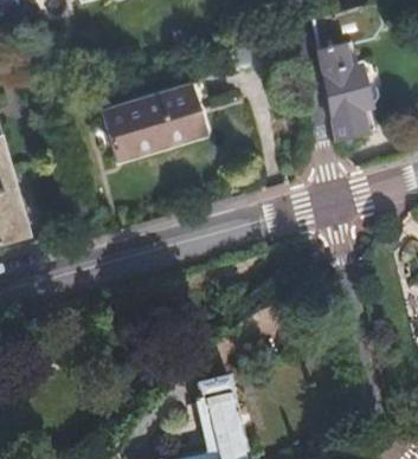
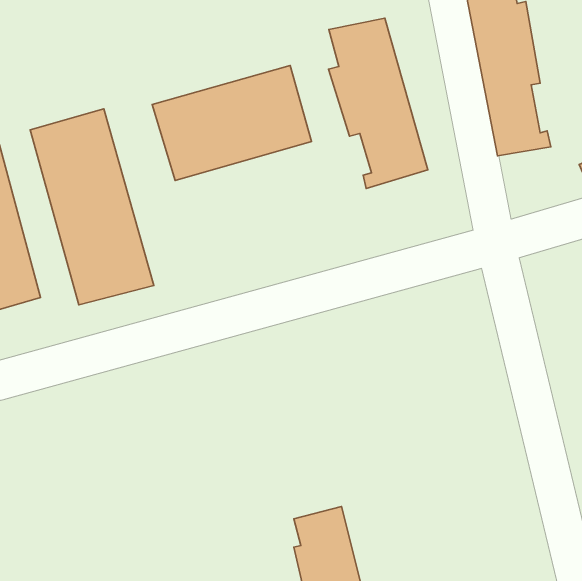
building: none -> [329,18,428,188]
building: none -> [30,109,154,305]

